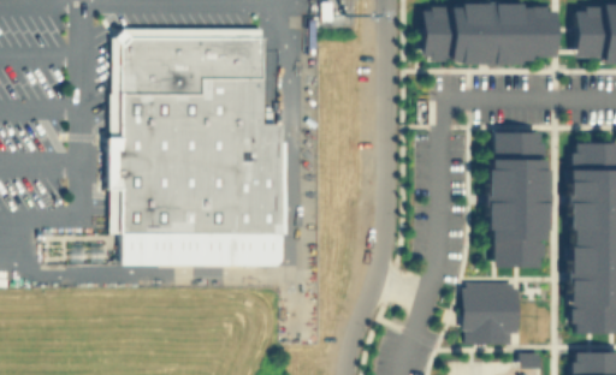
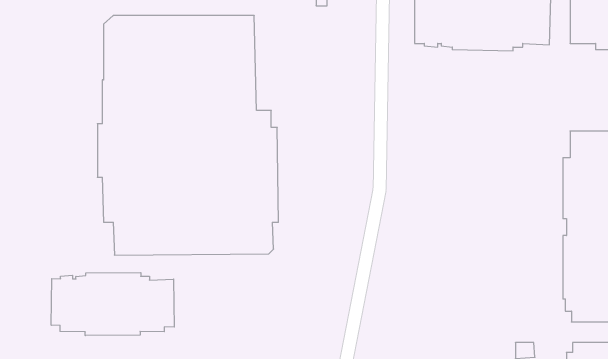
building: [487,132,549,267] -> none
building: [464,282,520,344] -> none
building: none -> [51,273,174,336]

